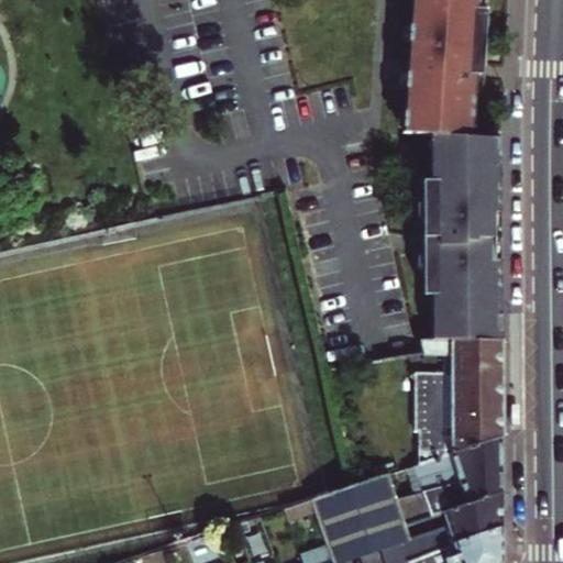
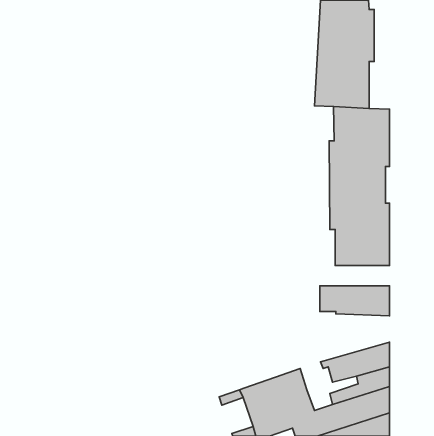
building: [420,342,503,368] -> none
building: [418,405,503,465] -> none
building: [396,485,462,529] -> none

